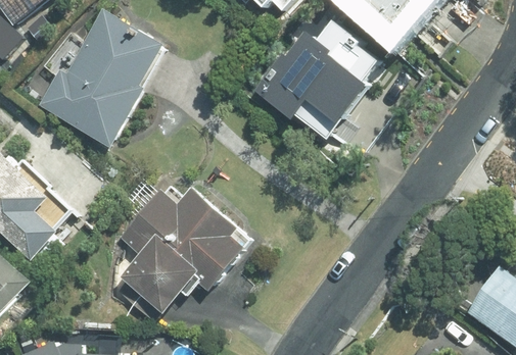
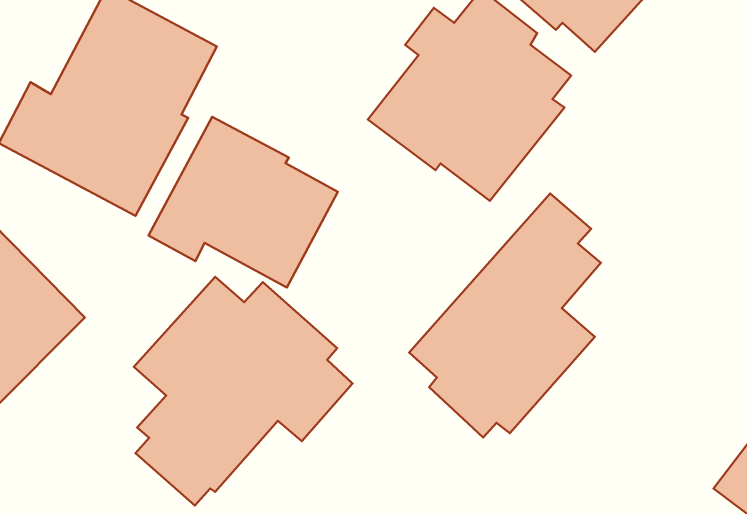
building: none -> [148,117,338,288]
building: none -> [409,194,601,438]

